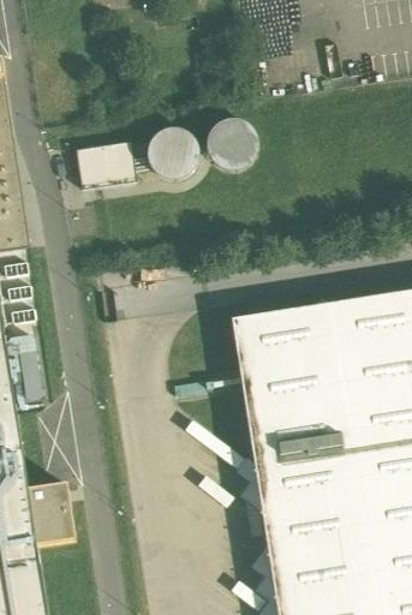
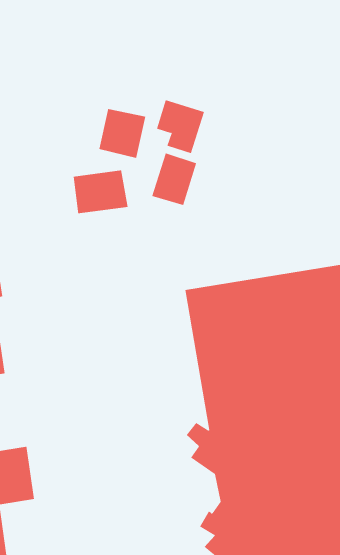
building: [77,144,136,191] -> [73,170,128,214]
building: none -> [152,153,197,206]

